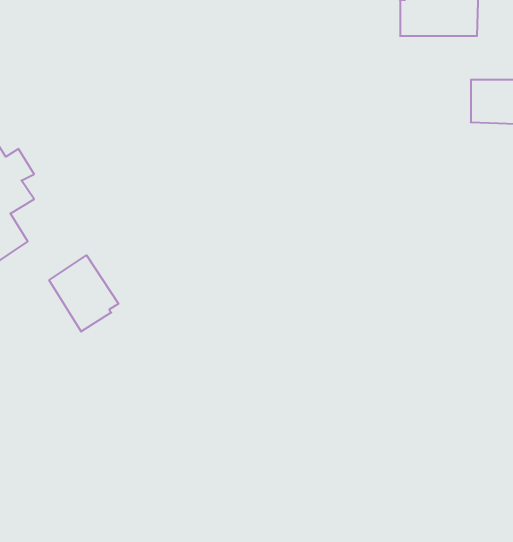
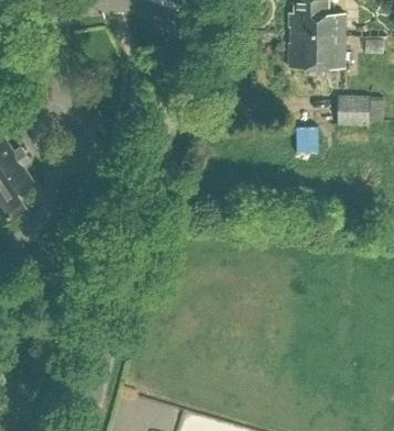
building: [49,255,118,332] -> none

